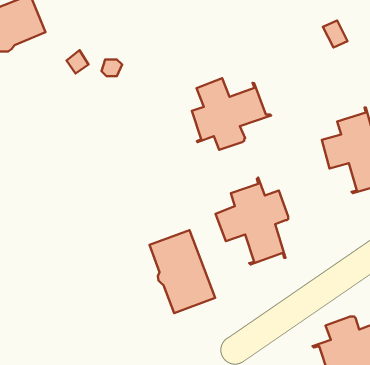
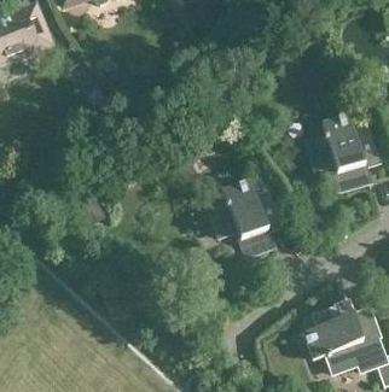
building: [192,78,271,150] -> none
building: [150,230,215,313] -> none

